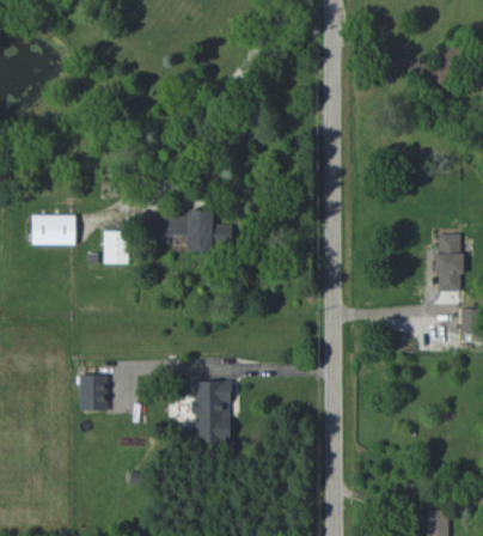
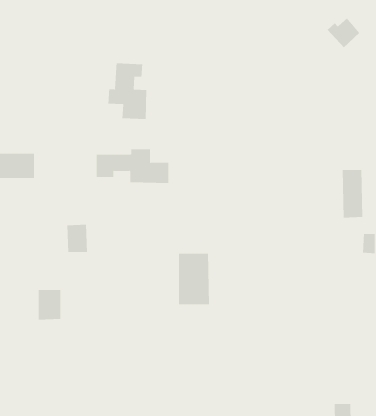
building: none -> [108,63,147,120]
building: [103,231,128,264] -> [66,224,88,253]
building: [194,382,231,443] -> [178,253,210,305]

